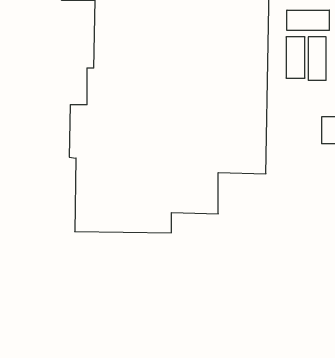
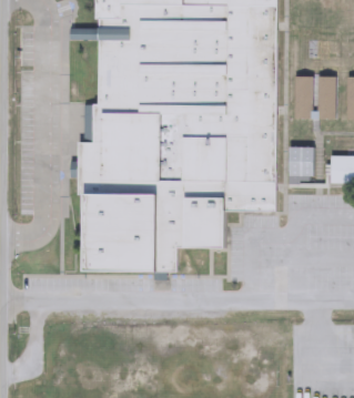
building: [287,10,329,30] -> none
building: none -> [287,146,312,180]

